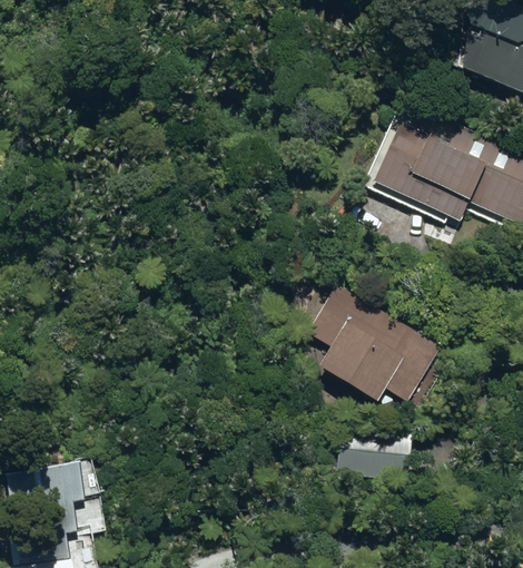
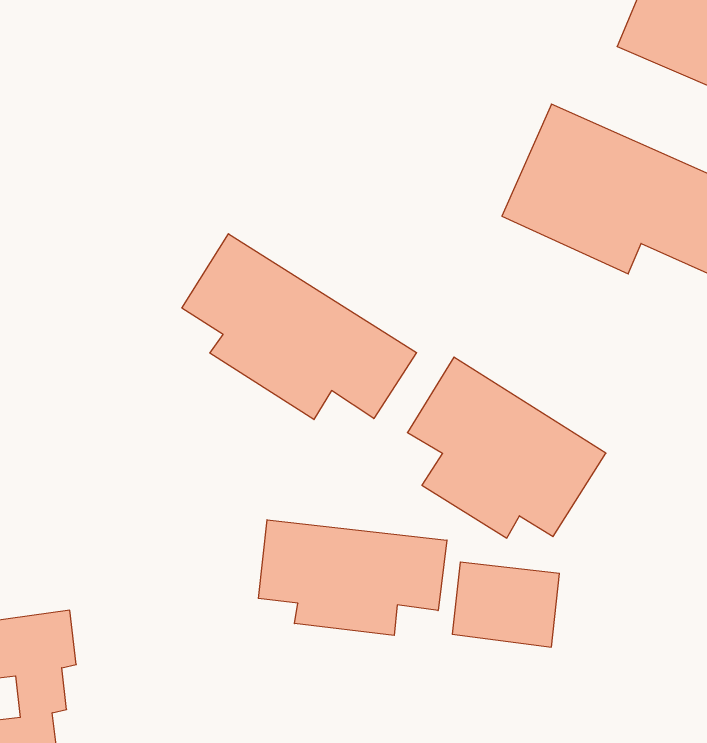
building: none -> [182,234,417,420]
building: none -> [258,520,447,635]

